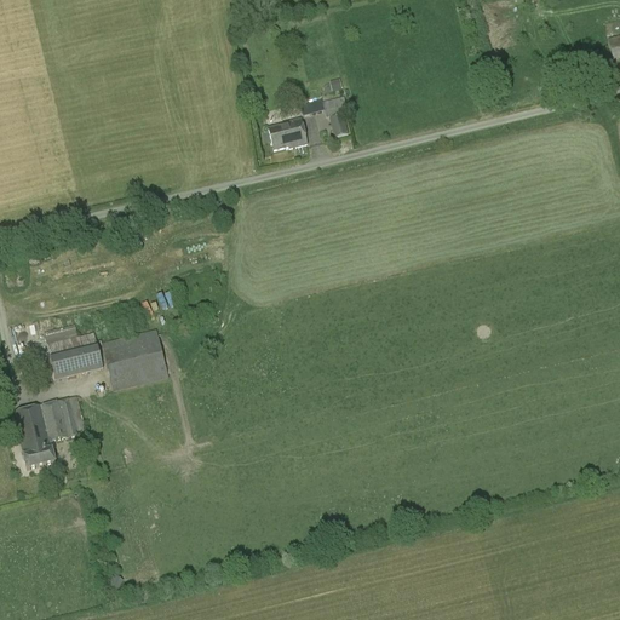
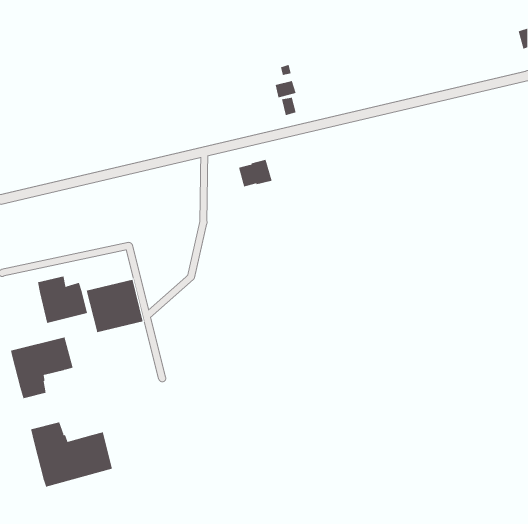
building: [268,116,308,149] -> [238,159,272,187]
building: none -> [30,421,113,488]

